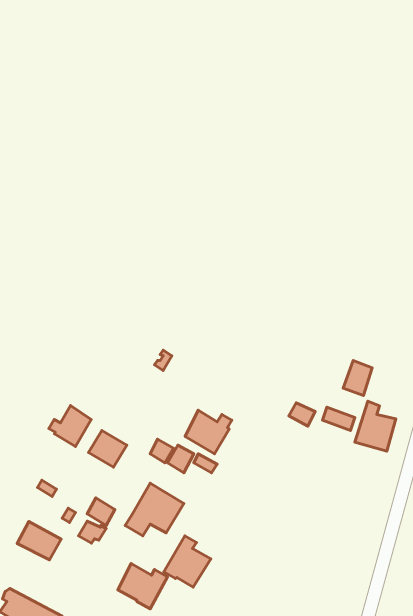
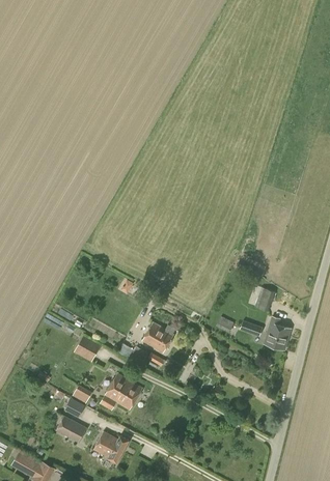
building: [49,405,91,446] -> none
building: [17,522,61,560] -> [55,415,86,442]
building: [164,536,211,587] -> none

